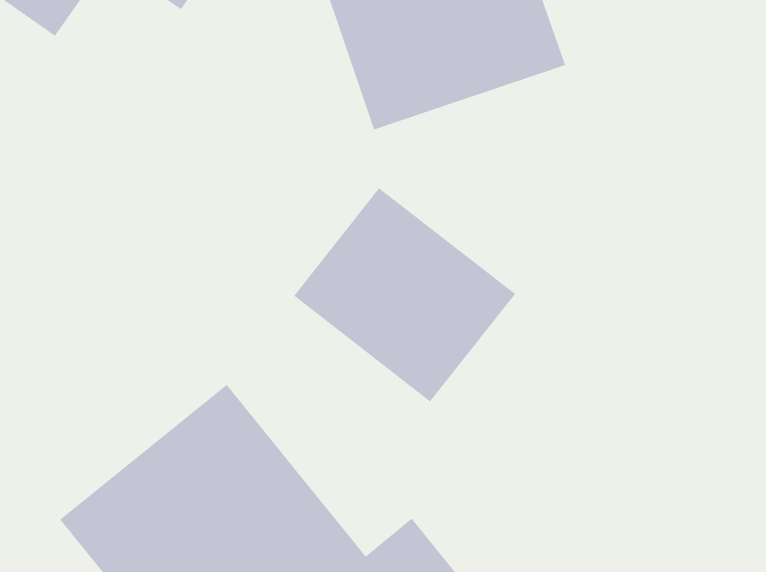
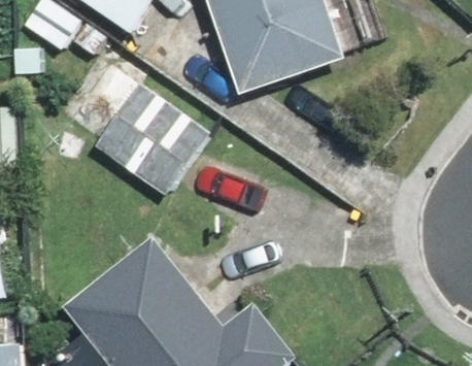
building: [293,187,516,403] -> [91,82,211,199]

